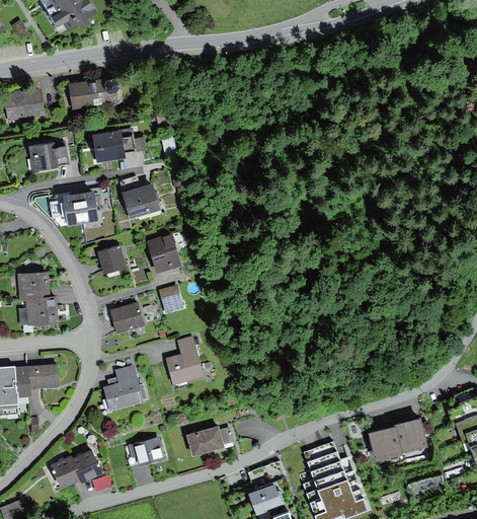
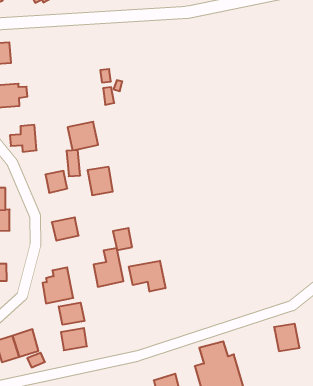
building: [67,74,120,109] -> none
building: [92,129,135,161] -> none
building: [79,188,98,221] -> [66,150,80,176]
building: [158,285,183,313] -> [113,228,132,250]
building: none -> [129,261,165,292]
building: none -> [59,303,84,325]
building: [368,424,403,458] -> none
building: [189,427,227,457] -> none

